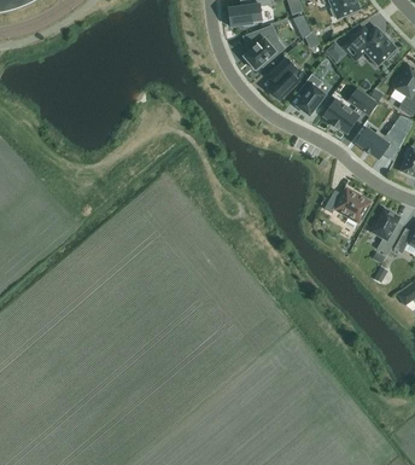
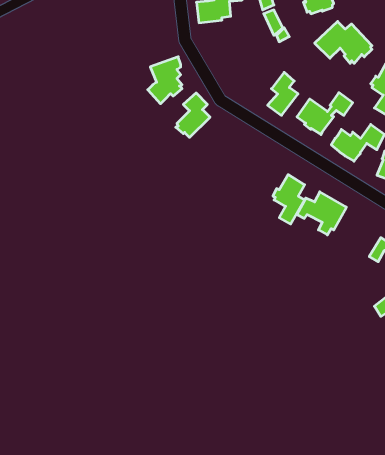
building: [244,24,276,69] -> [148,57,182,104]
building: [267,57,299,99] -> [176,93,210,137]
building: [370,207,401,254] -> [273,175,305,224]

